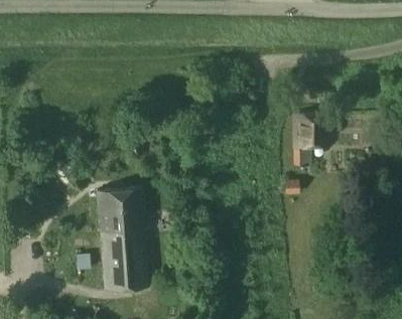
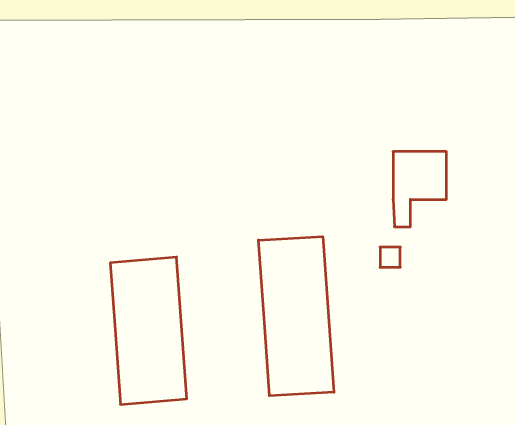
building: none -> [258,237,334,396]

